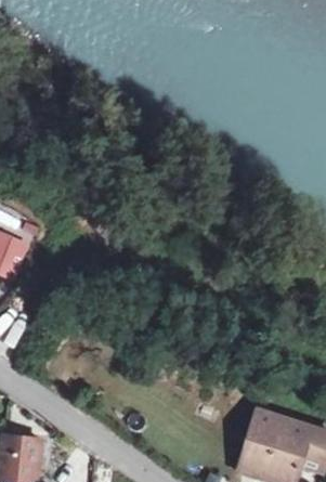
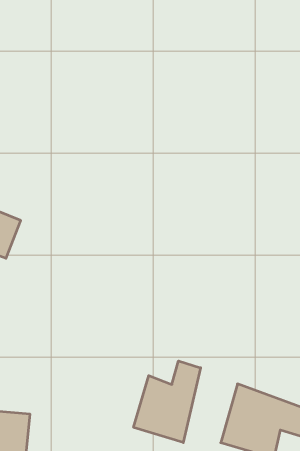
building: none -> [134,361,201,443]

